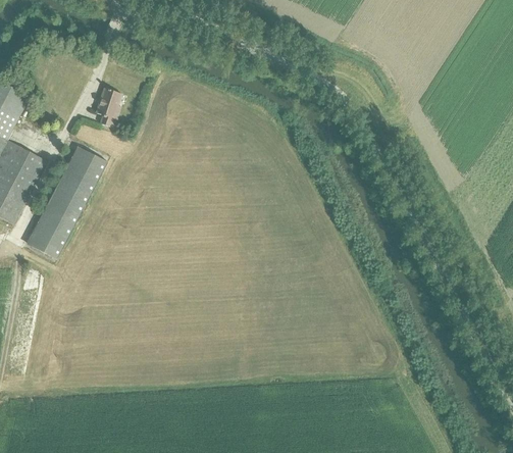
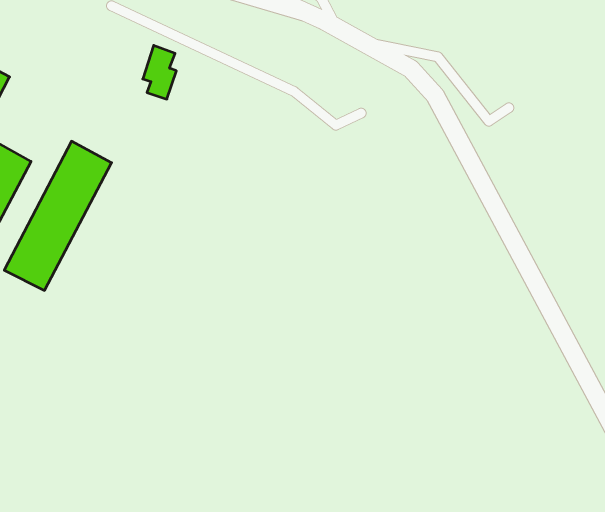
building: [95,87,120,128] -> [143,45,176,99]

